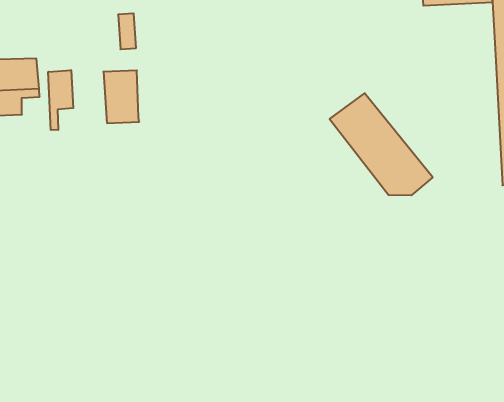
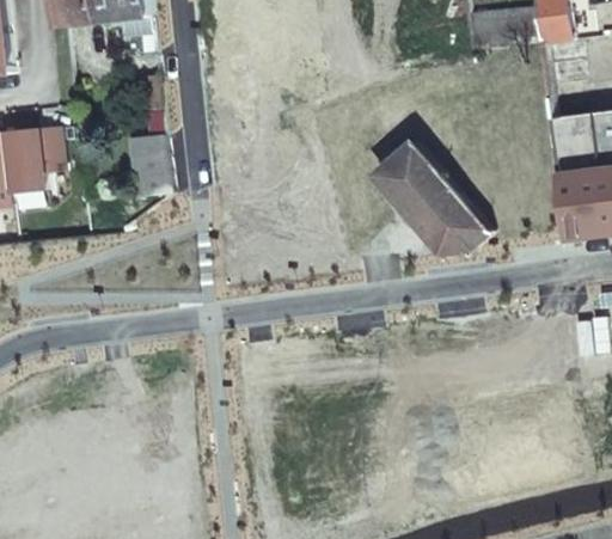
building: [48,70,73,130] -> none

